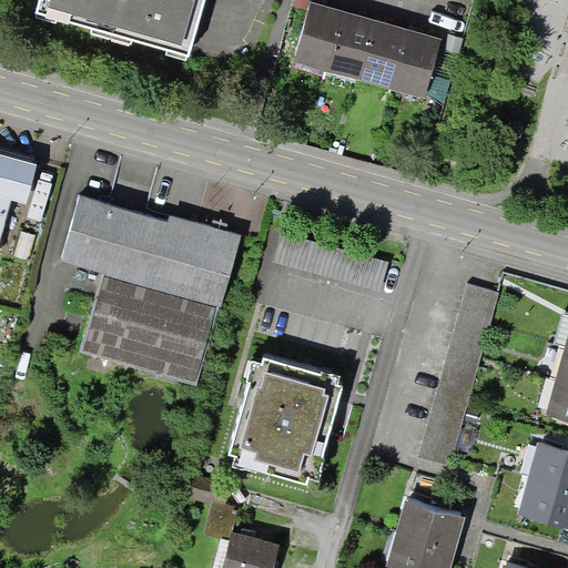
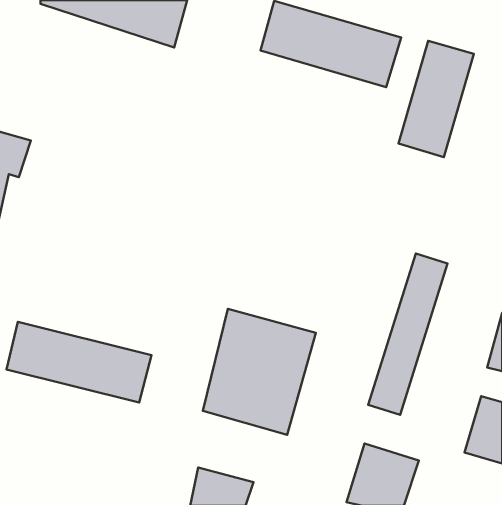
building: none -> [399,41,474,157]
building: [59,193,247,387] -> none
building: none -> [6,322,151,402]

